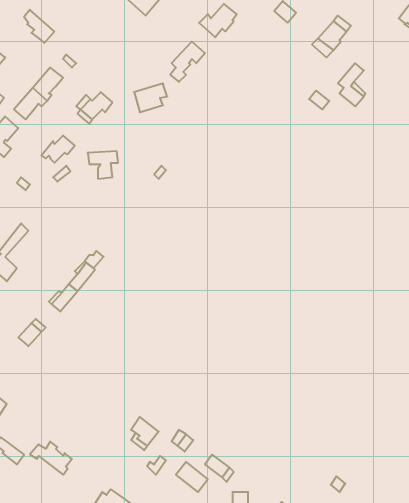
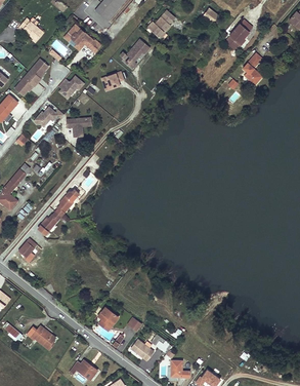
building: none -> [65,24,101,52]

